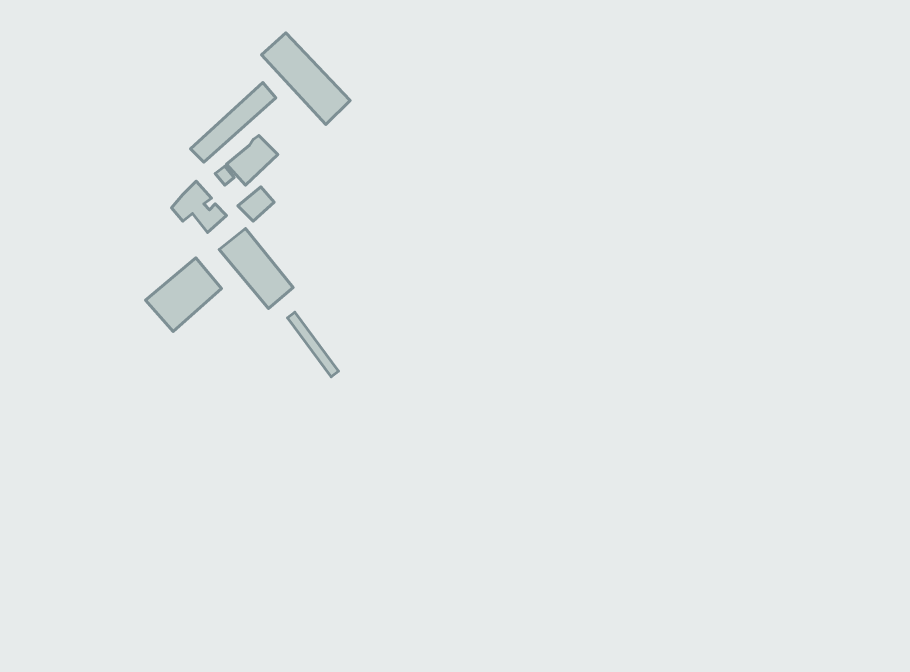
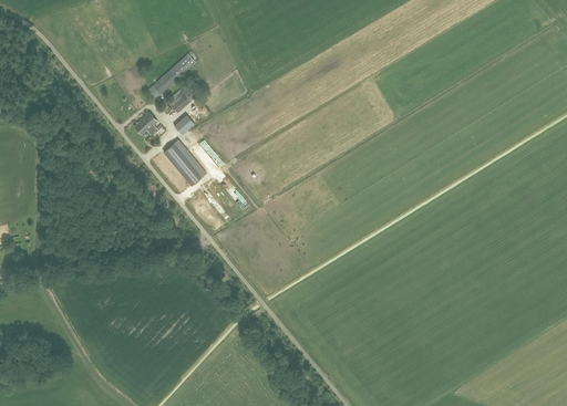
building: [262,33,350,125] -> none
building: [145,258,221,332] -> none

